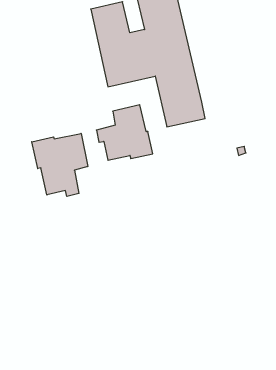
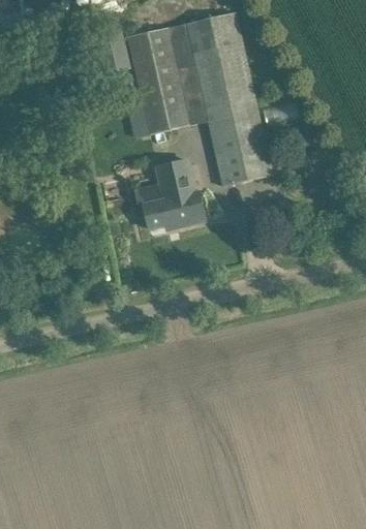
building: [32,133,88,196] -> none

